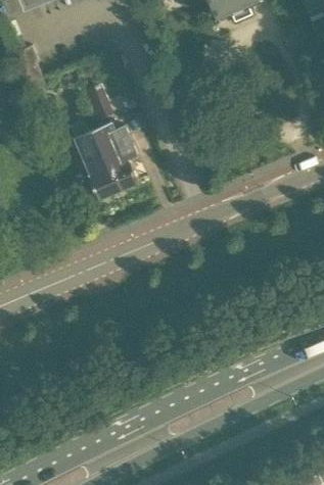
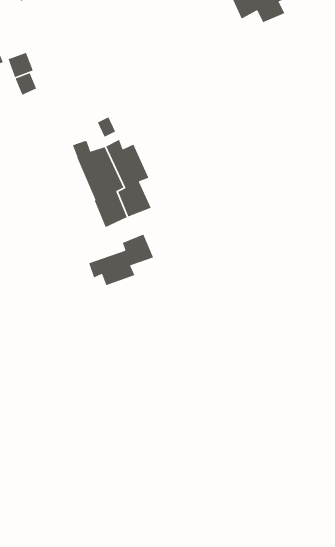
building: none -> [88,233,154,286]

